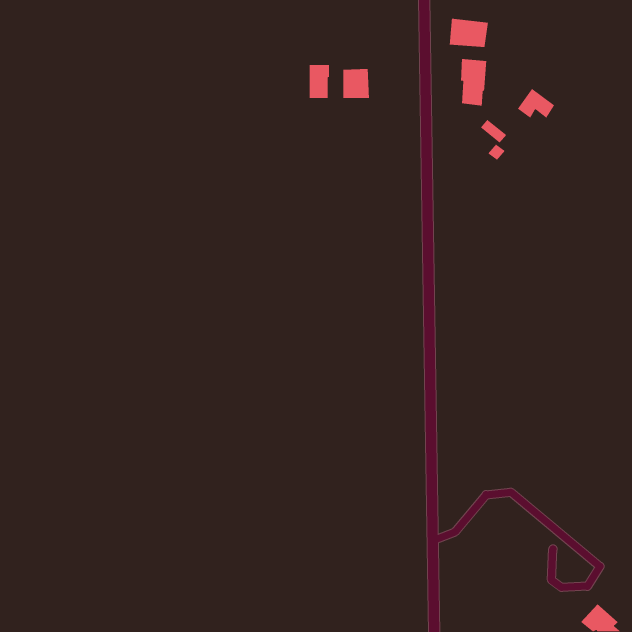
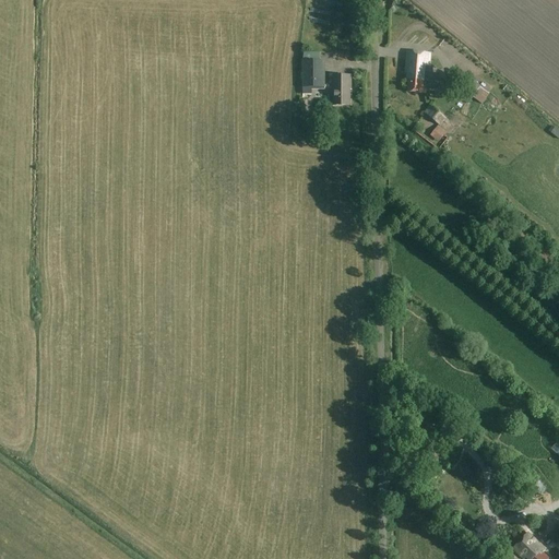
building: [449,18,489,48] -> none
building: [309,64,330,99] -> [333,75,352,106]

